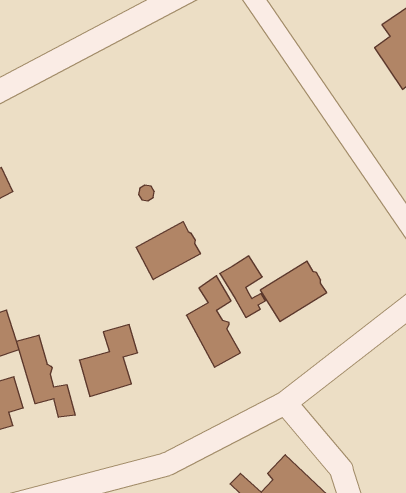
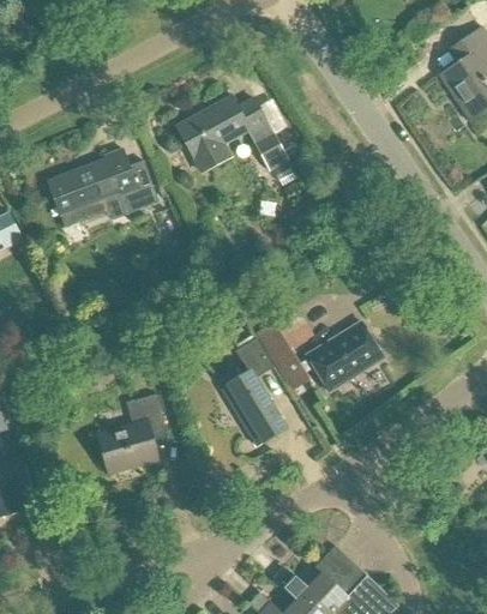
building: none -> [175,97,290,175]
building: none -> [47,149,160,228]
building: [136,222,200,280] -> none
building: [17,335,75,417] -> none

